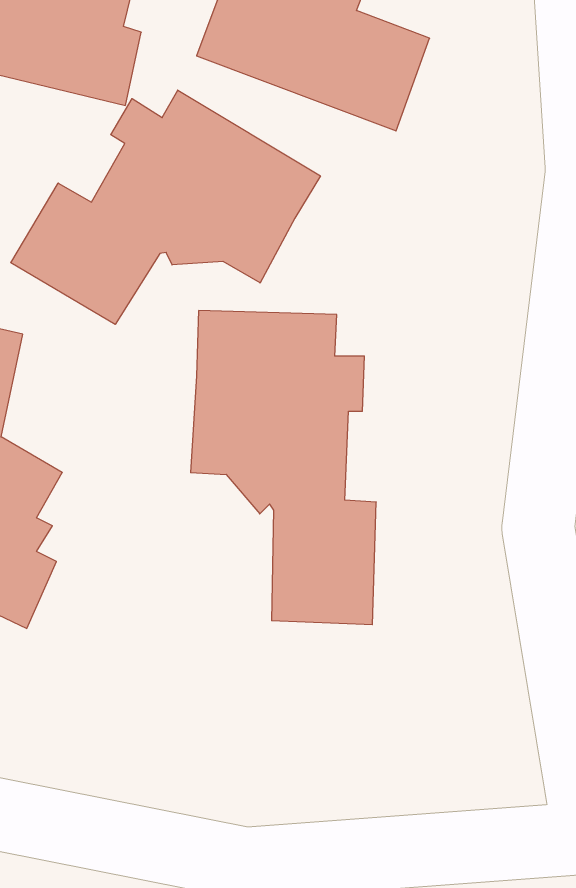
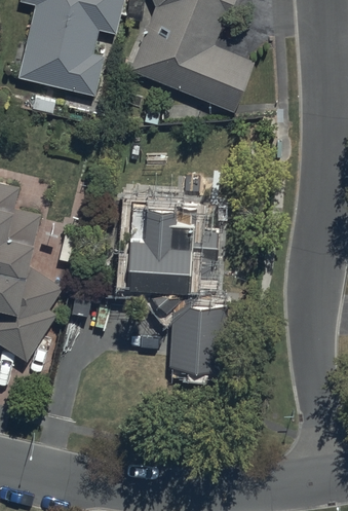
building: [11,90,320,324] -> none

